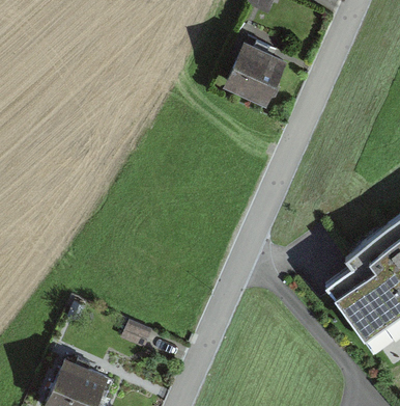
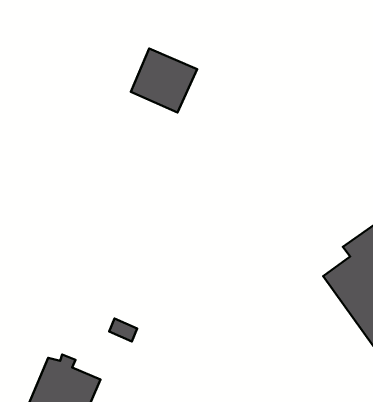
building: [216,44,279,105] -> [131,48,197,113]

